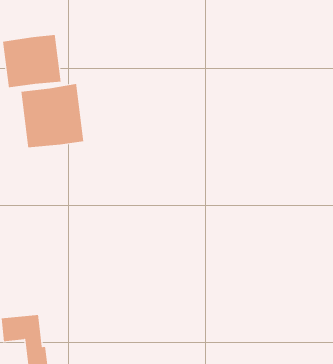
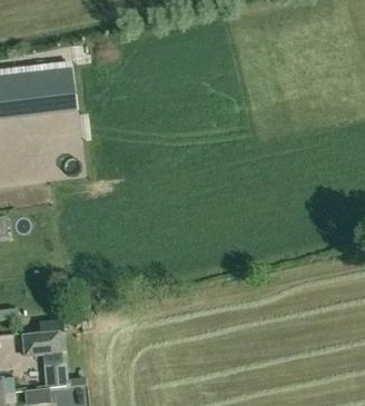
building: [21,83,84,148] -> none

